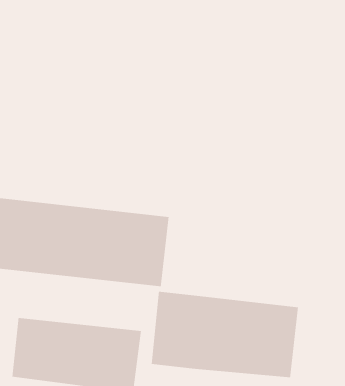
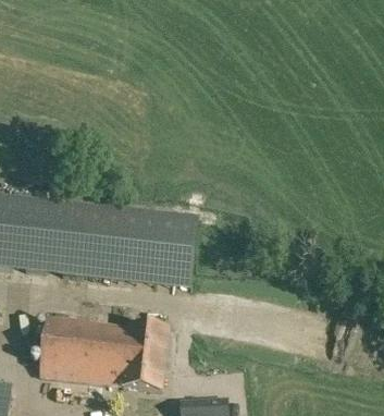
building: [151,291,299,378] -> none

